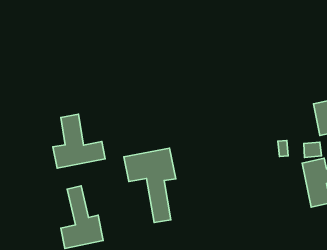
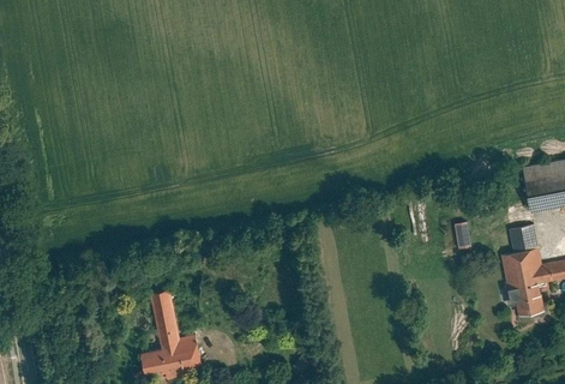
building: [53,114,105,168] -> none
building: [124,148,176,222] -> none

